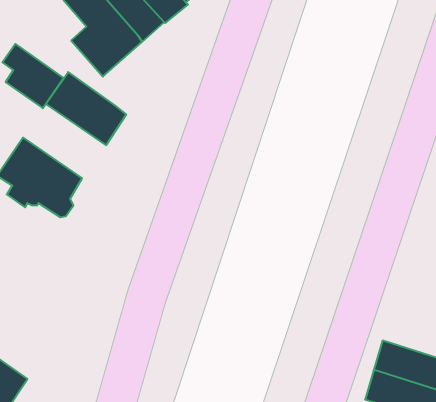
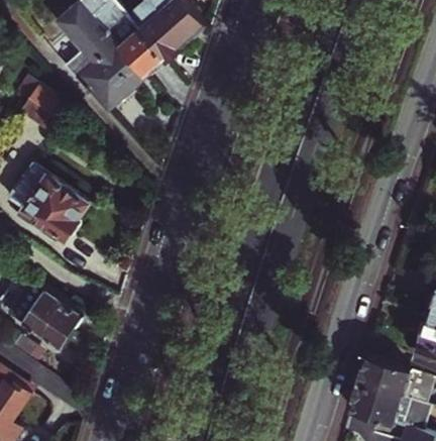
building: [46,72,126,145] -> none
building: none -> [16,287,82,348]

